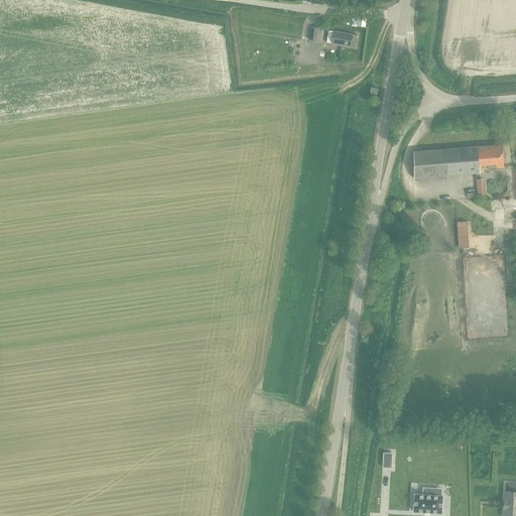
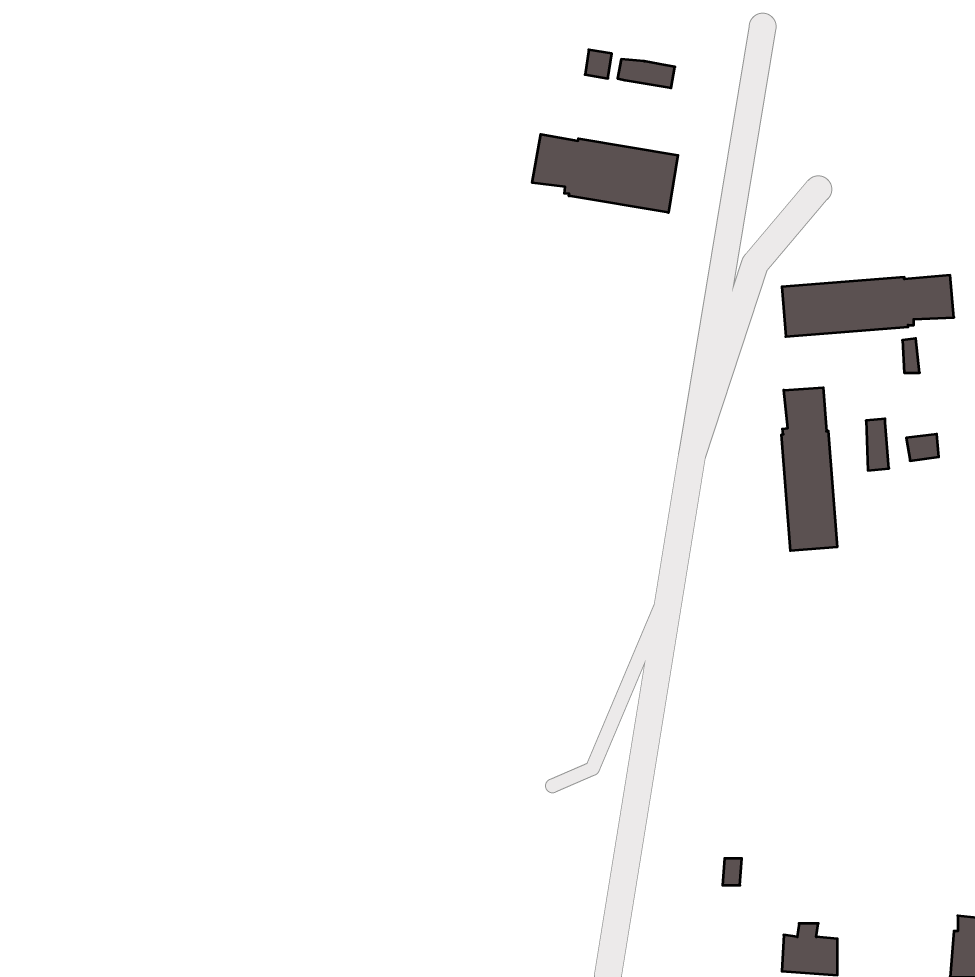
building: none -> [532,134,678,213]
building: none -> [782,388,837,551]

